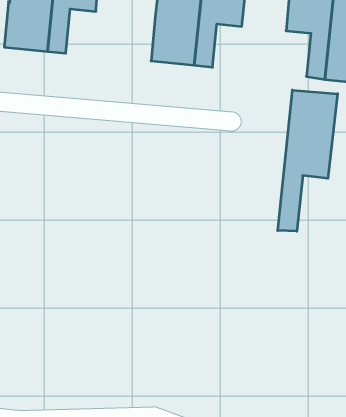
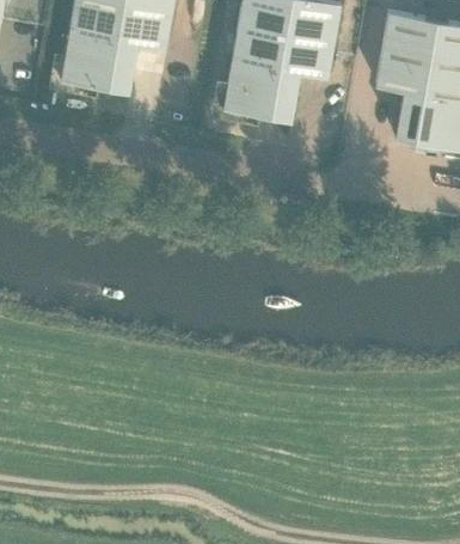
building: [278,90,338,231] -> none

